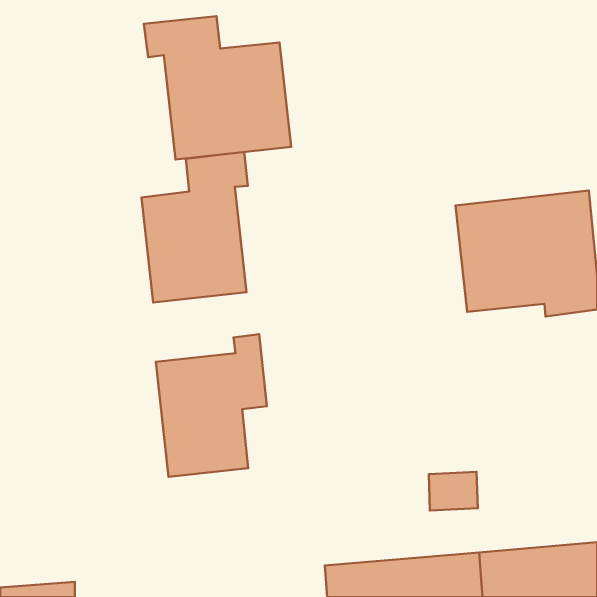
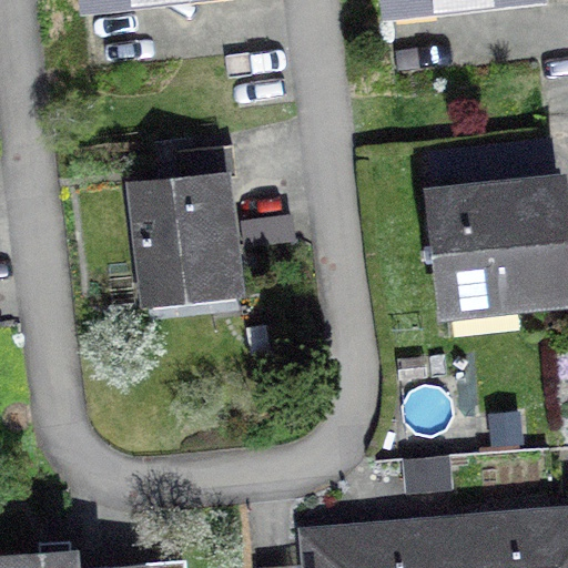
building: [144,16,291,159] -> none
building: [156,334,267,477] -> none

